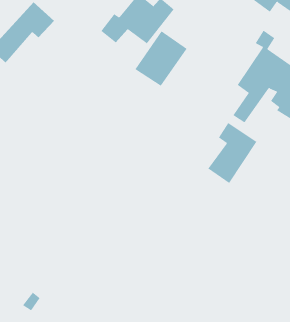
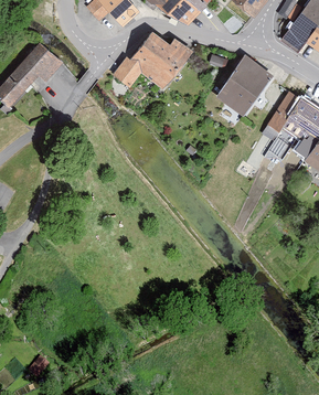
building: [135,31,187,87] -> [215,54,273,115]
building: [208,122,257,184] -> none

